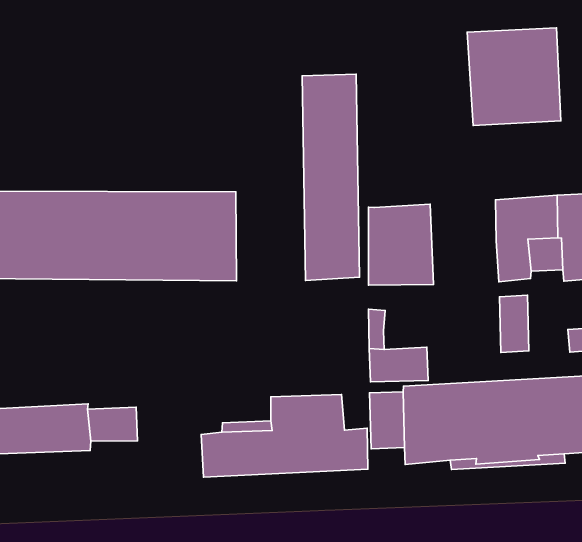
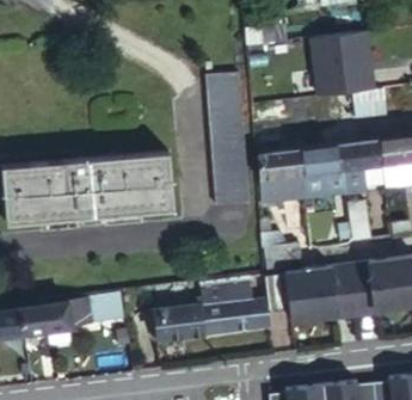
building: none -> [295,147,343,204]

